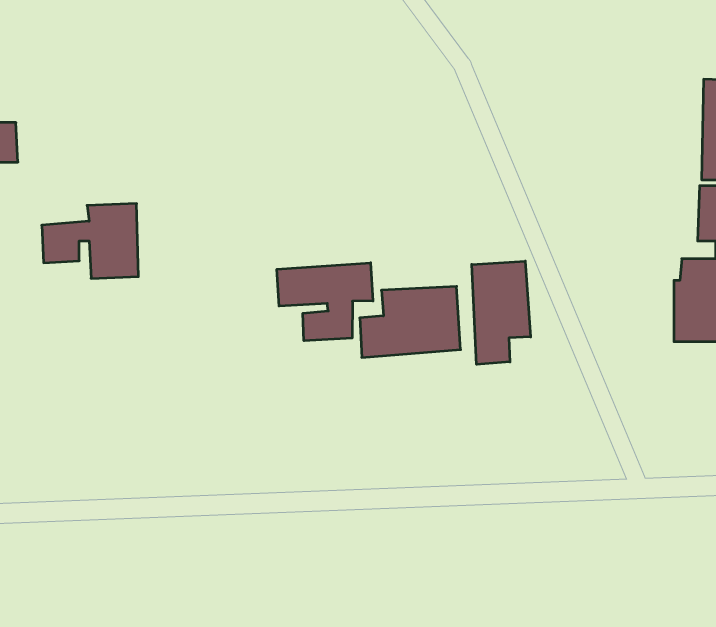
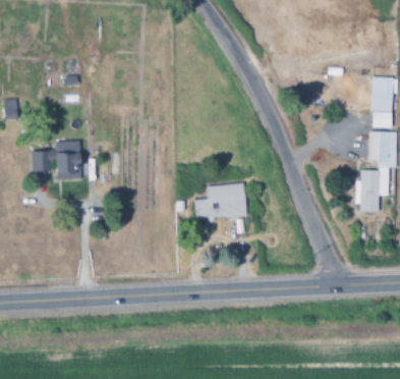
building: [472,261,531,364] -> none
building: [277,263,373,341] -> none

